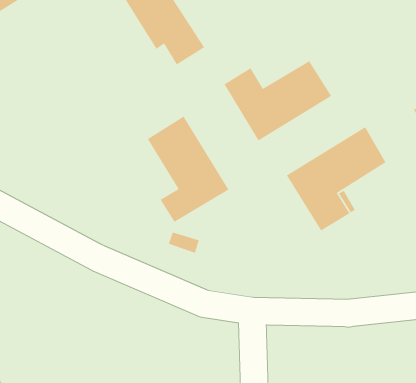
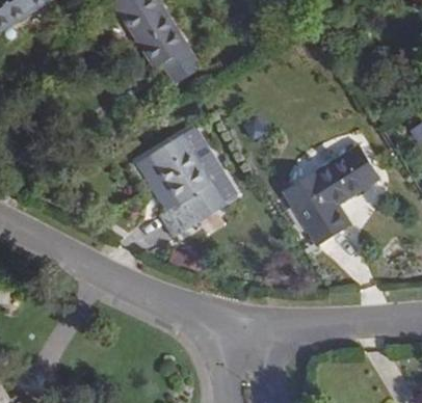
building: [223,60,332,142] -> none

